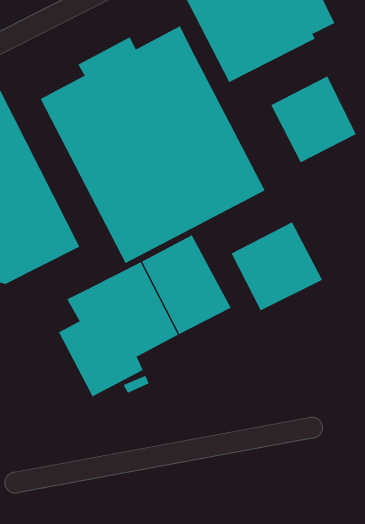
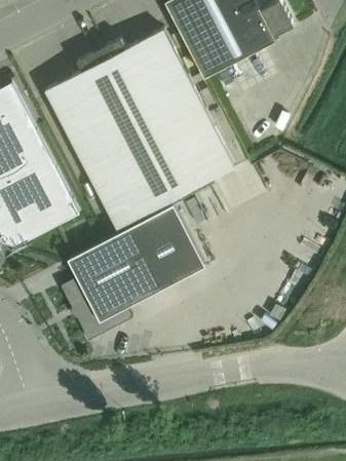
building: [271,75,357,163] -> none
building: [231,221,323,311] -> none

